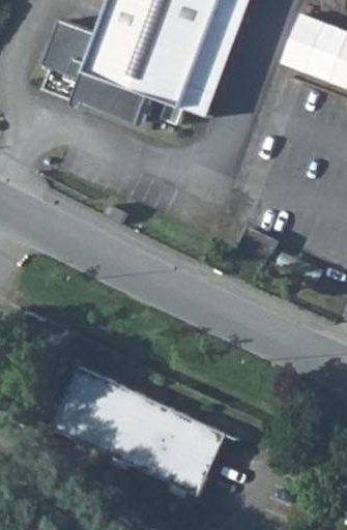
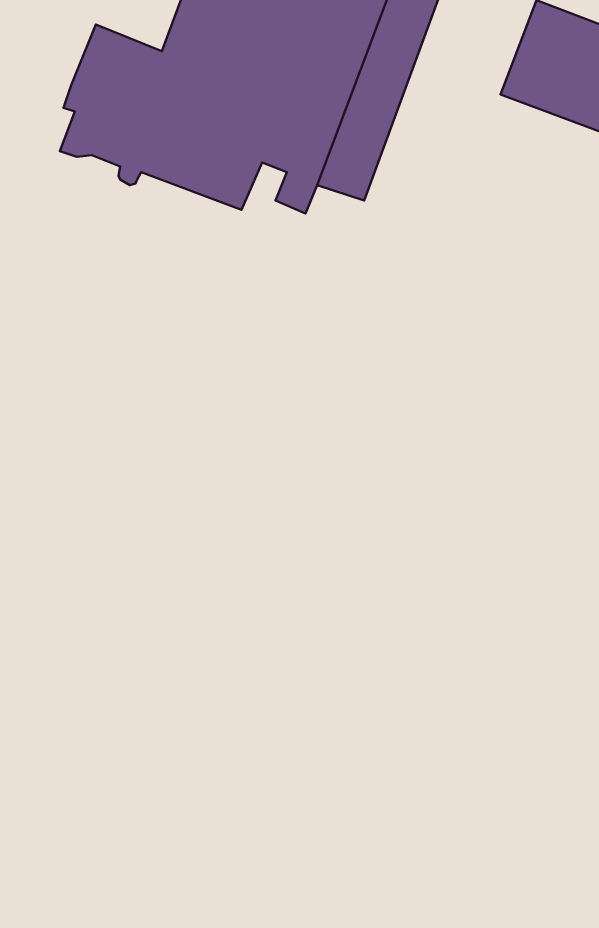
building: [53,366,229,497] -> none

